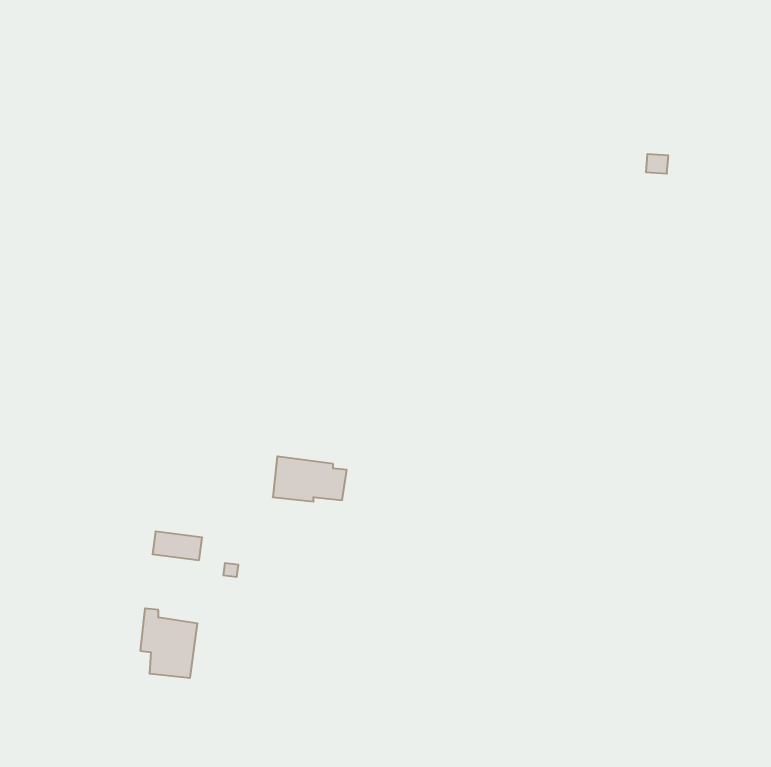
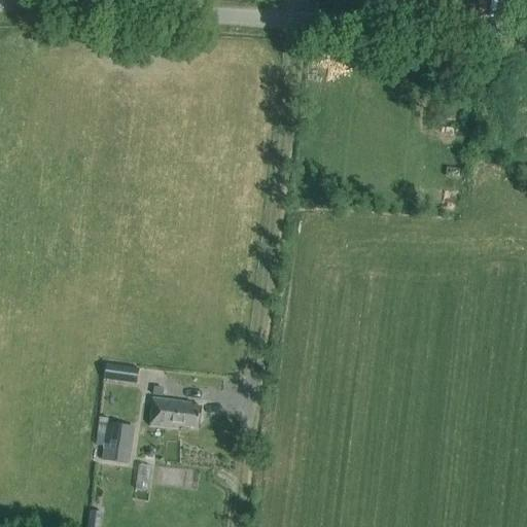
building: [273,456,347,502] -> [150,396,201,427]

